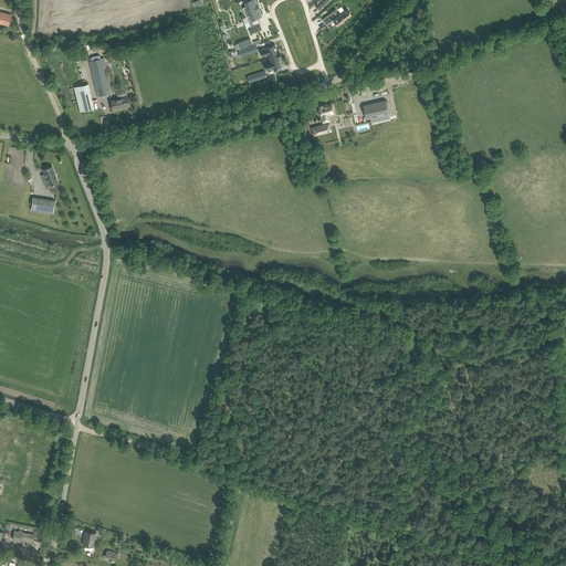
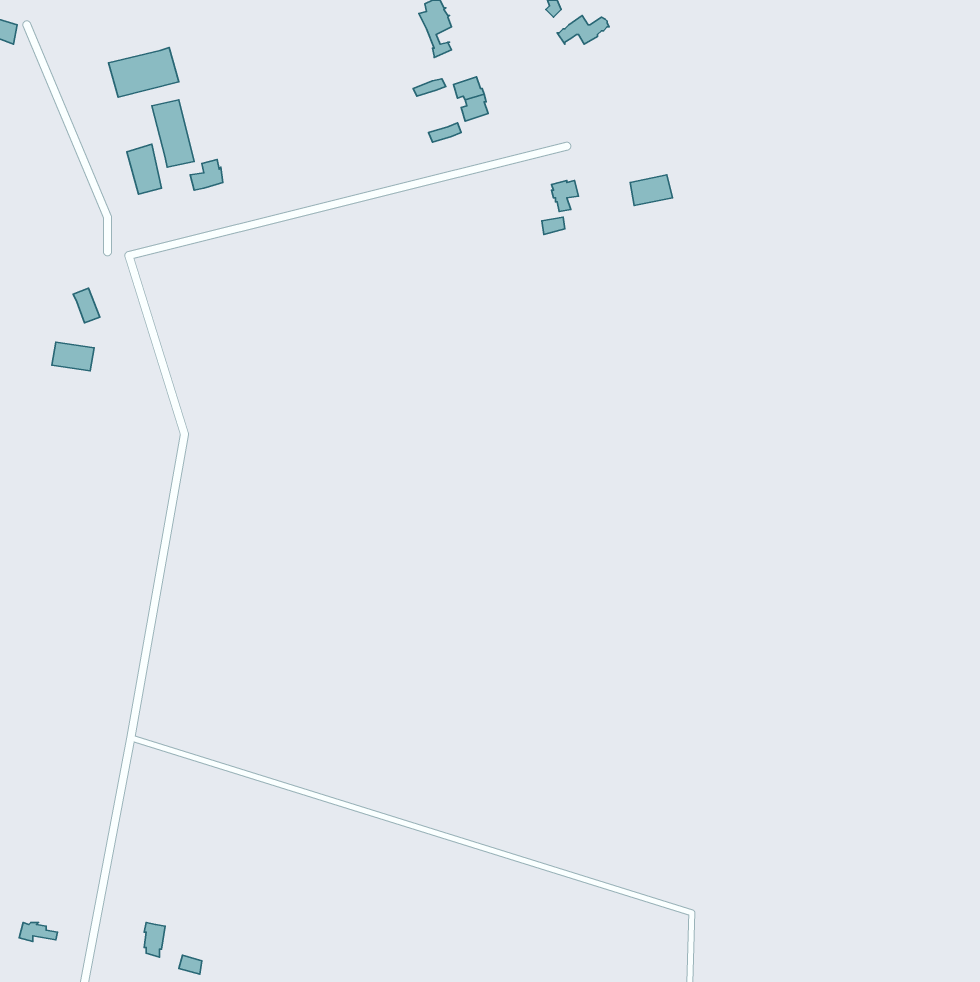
building: none -> [109,48,179,97]

